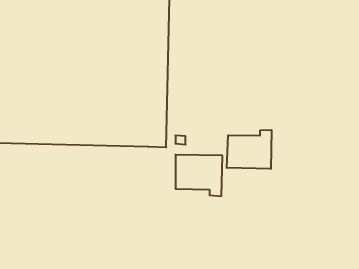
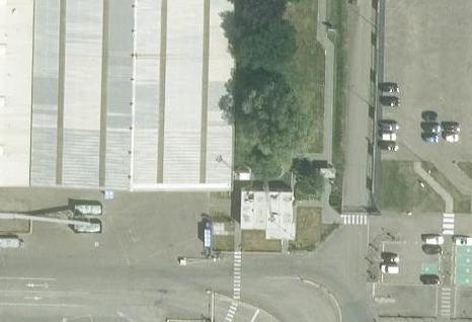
building: [227,130,272,169] -> none

